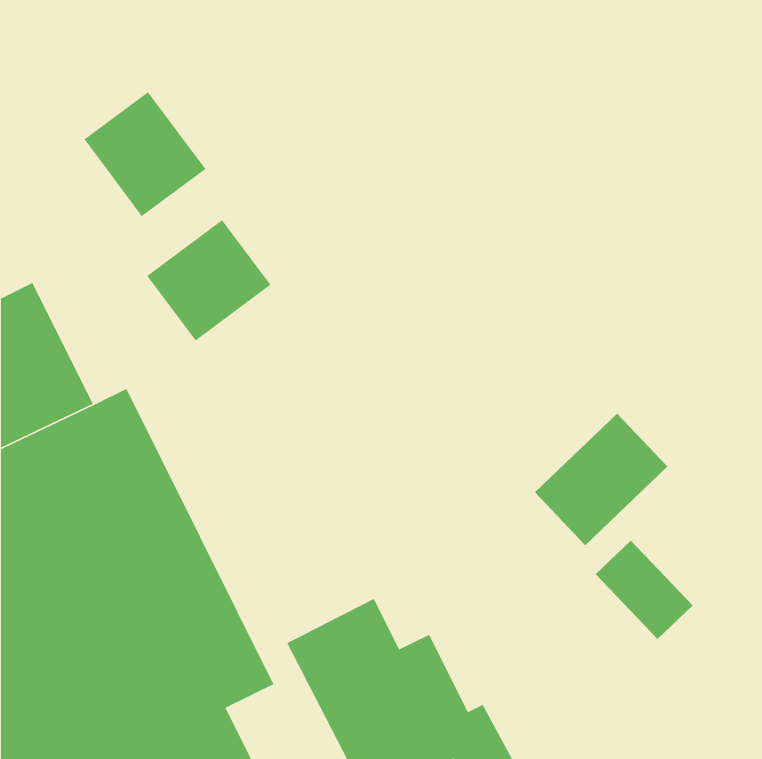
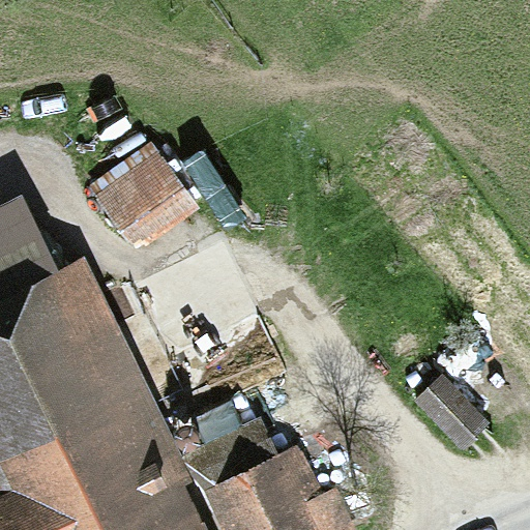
building: [83,91,206,217] -> none
building: [534,413,668,546] -> none

